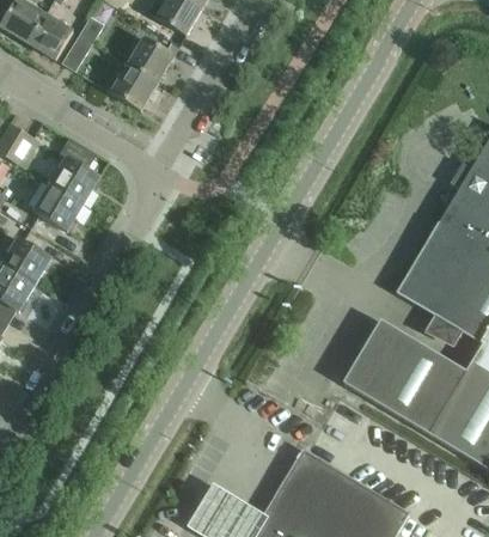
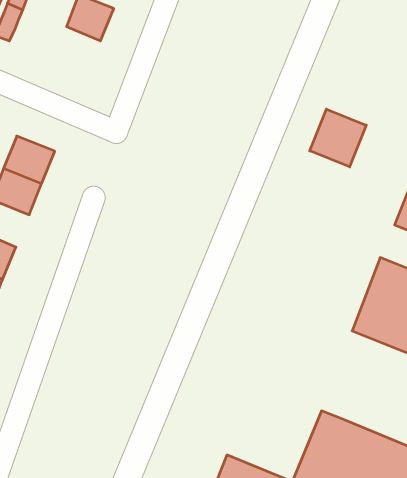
building: [111,66,157,110] -> none
building: none -> [310,109,366,167]

